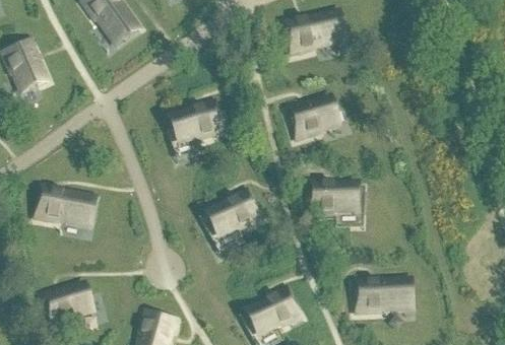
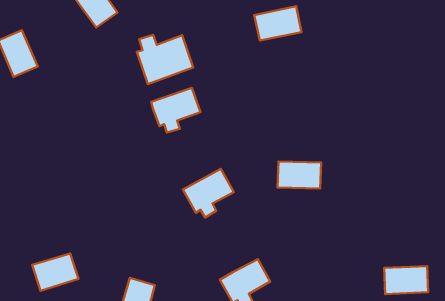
building: none -> [137,35,193,84]
building: [288,98,337,138] -> none
building: [36,189,86,225] -> none
building: [355,281,402,312] -> [384,266,428,294]

